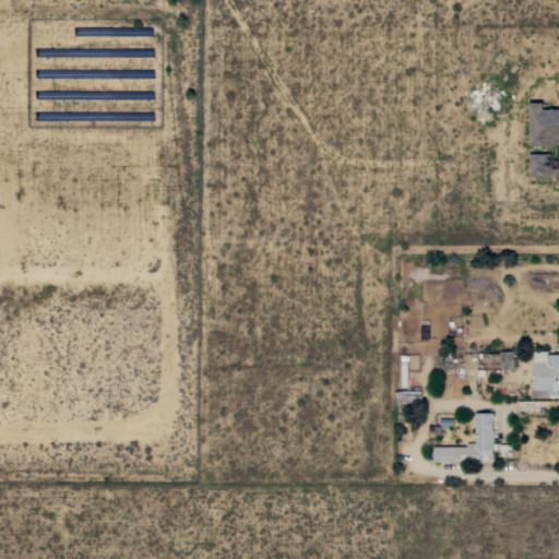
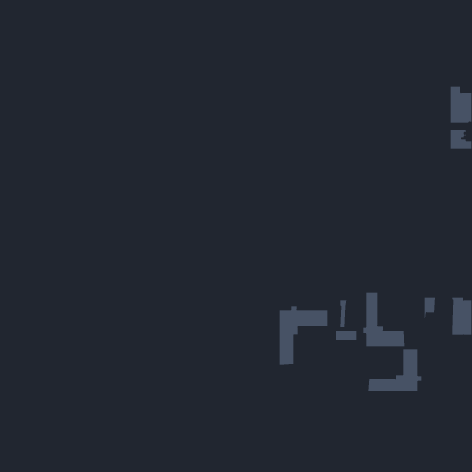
building: none -> [363,292,405,347]
building: none -> [279,306,328,366]

